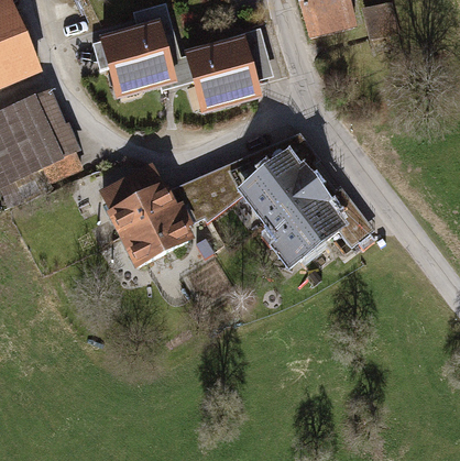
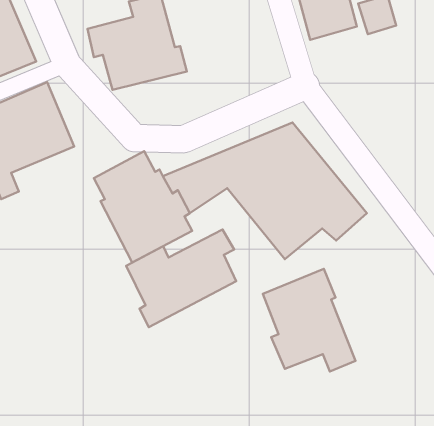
building: [184,26,272,113] -> none
building: none -> [126,229,236,327]
building: none -> [263,269,356,372]

